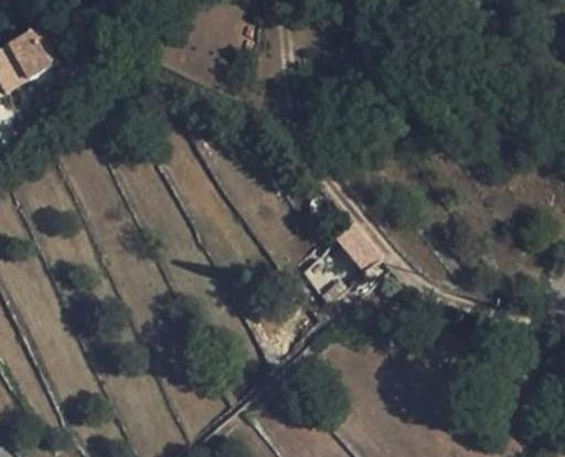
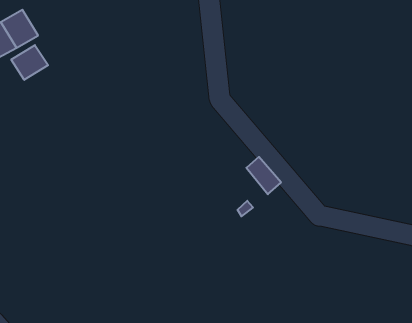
building: none -> [11,45,48,80]

